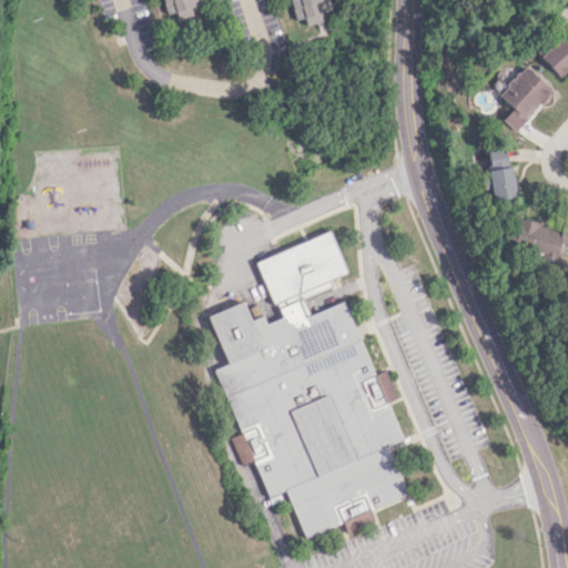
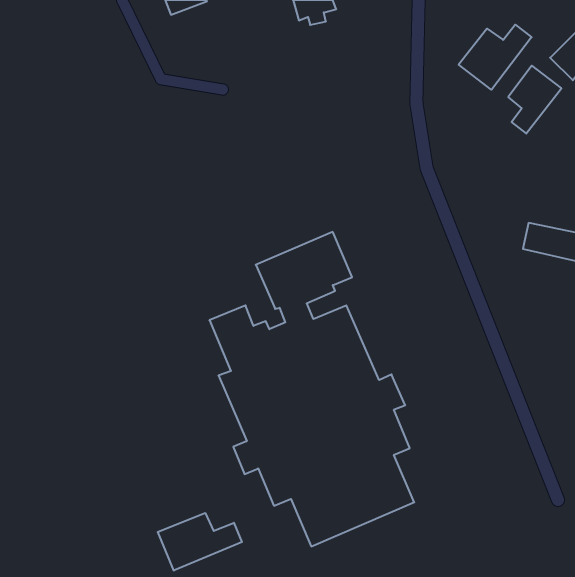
building: none -> [459,25,532,90]
building: [489,149,518,201] -> none
building: none -> [158,513,242,571]

